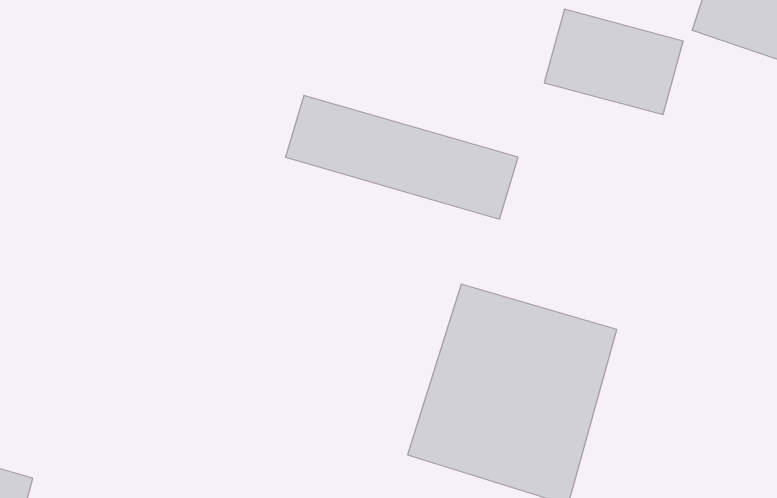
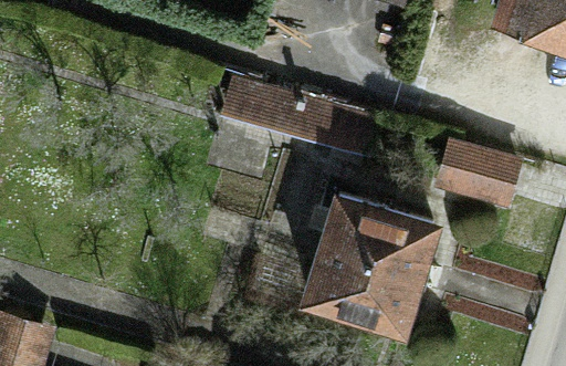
building: [544,9,683,115] -> [433,136,525,206]

